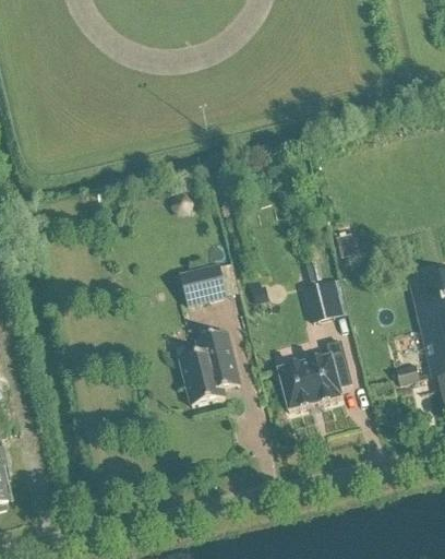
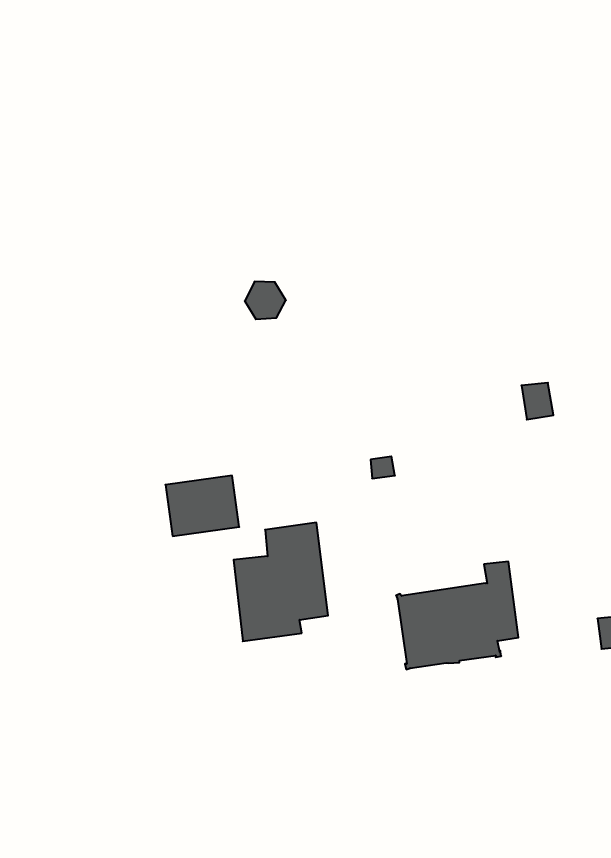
building: [181,262,227,301] -> [165,476,239,536]
building: [305,278,336,319] -> none

